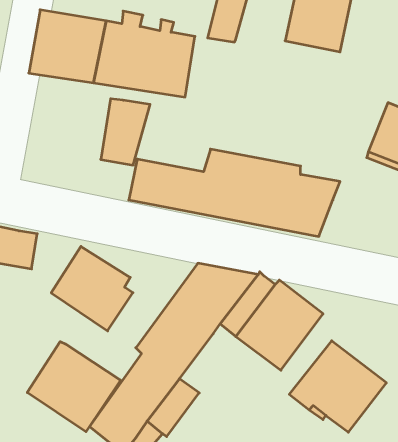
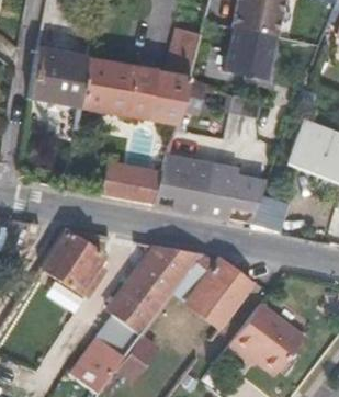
building: [101,99,150,165] -> [147,68,185,120]
building: none -> [249,195,291,235]
building: [27,342,120,432] -> none

